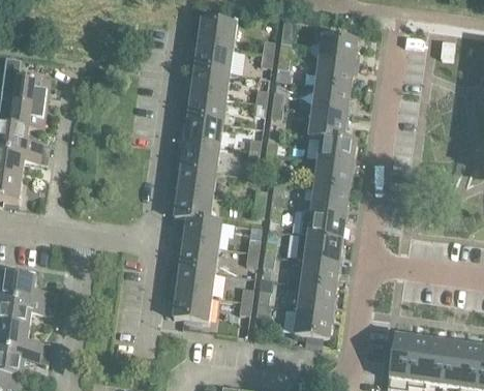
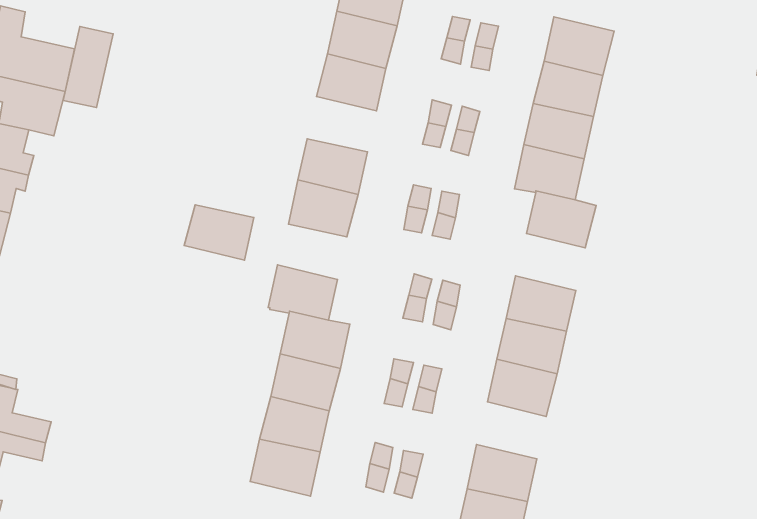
building: none -> [63,27,113,108]
building: [187,93,225,122] -> none
building: [313,160,352,190] -> none
building: [177,168,215,197] -> [184,205,254,260]
building: [300,259,338,289] -> none

